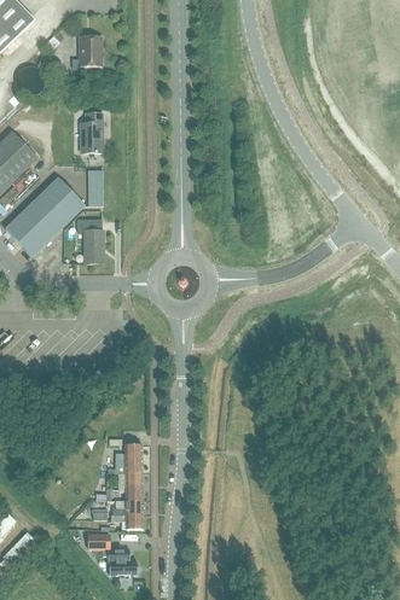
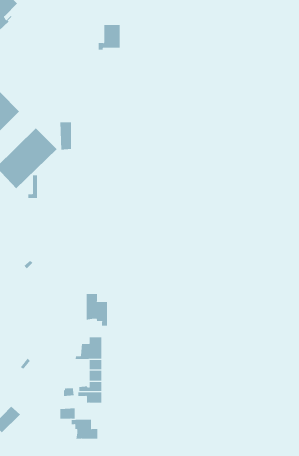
building: [73,35,102,68] -> [98,25,120,50]
building: [81,112,103,152] -> none
building: [77,217,104,262] -> none
building: none -> [86,293,108,326]

